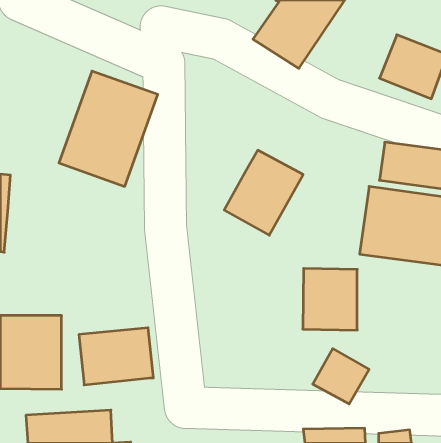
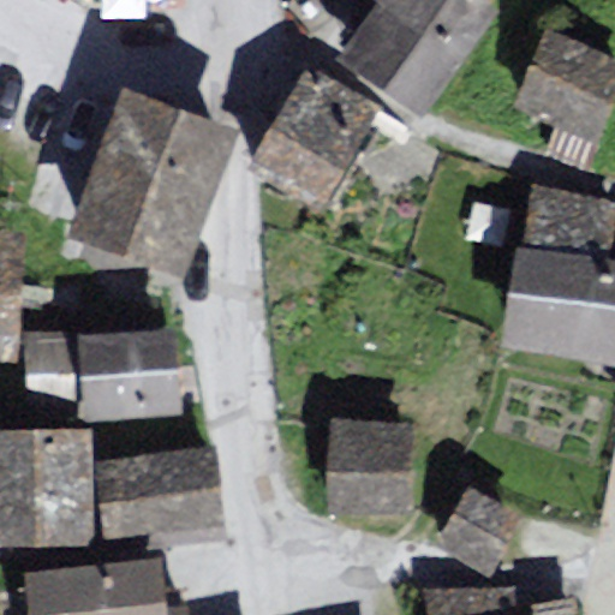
building: [224,150,303,235] -> [262,79,371,197]
building: none -> [37,334,178,412]
building: [303,268,357,330] -> [327,419,402,504]

